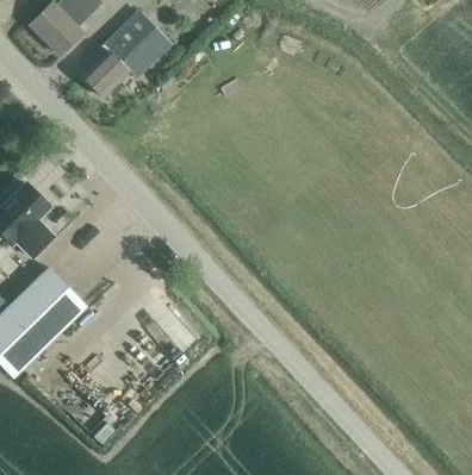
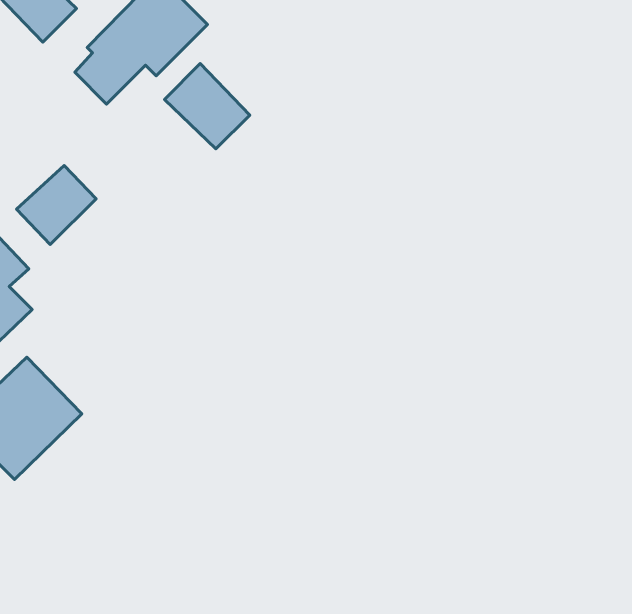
building: none -> [164,64,250,149]
building: none -> [16,165,96,245]

